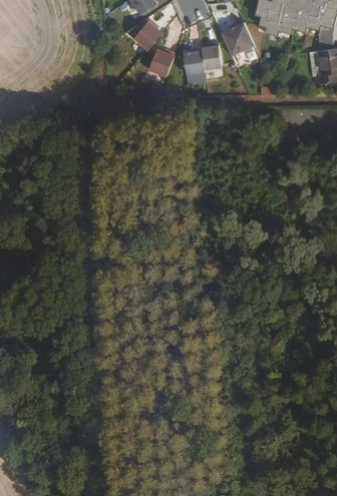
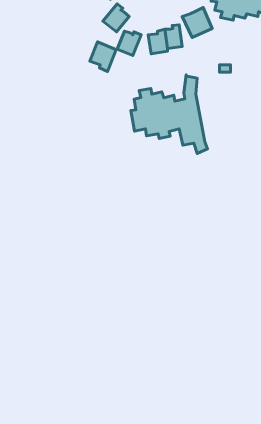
building: none -> [90,42,116,72]
building: none -> [131,75,207,154]

